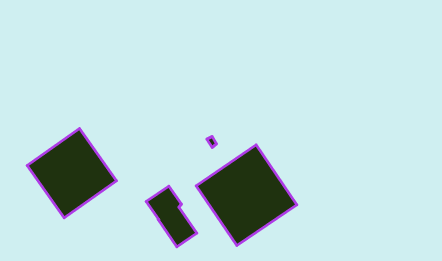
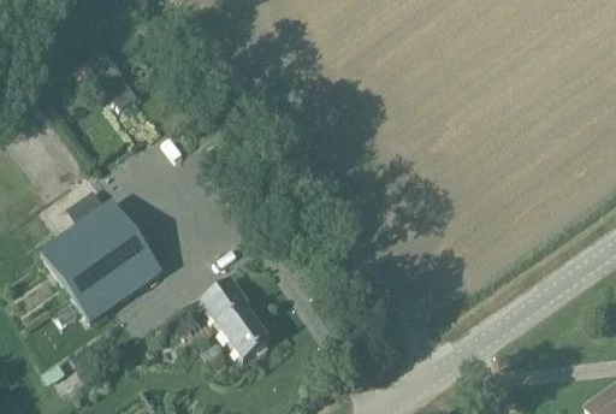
building: [196,145,297,246] -> none

